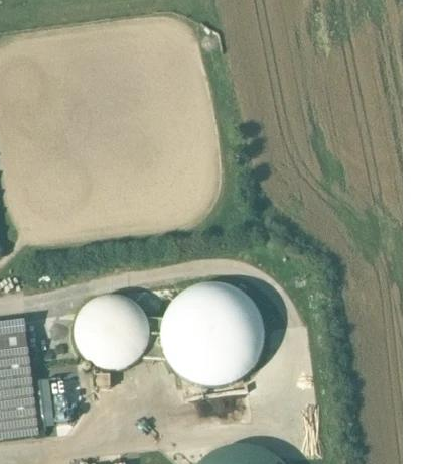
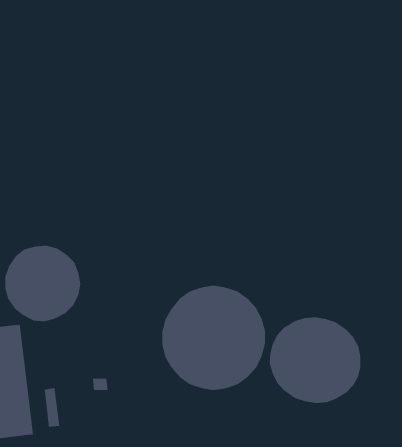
building: [75,295,150,370] -> [5,245,81,322]
building: none -> [269,316,361,404]

